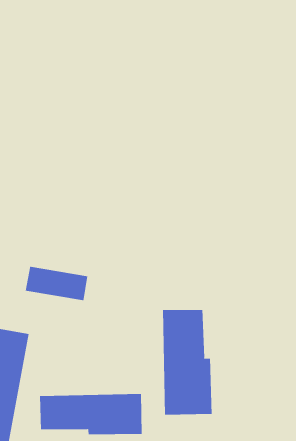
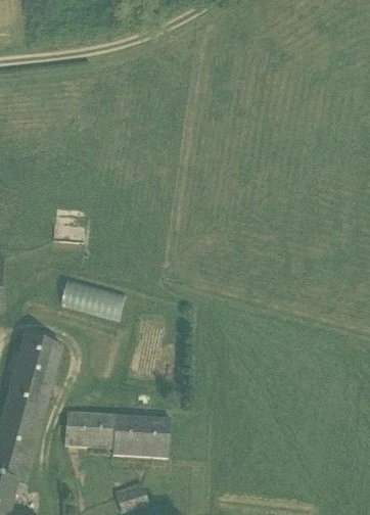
building: [162,309,212,416] -> none

